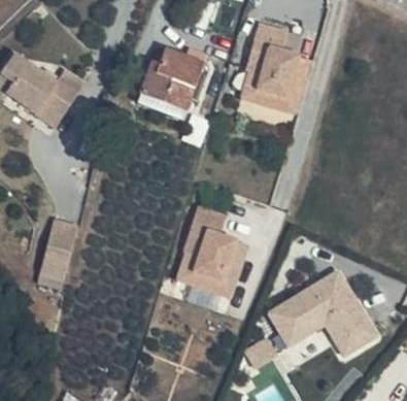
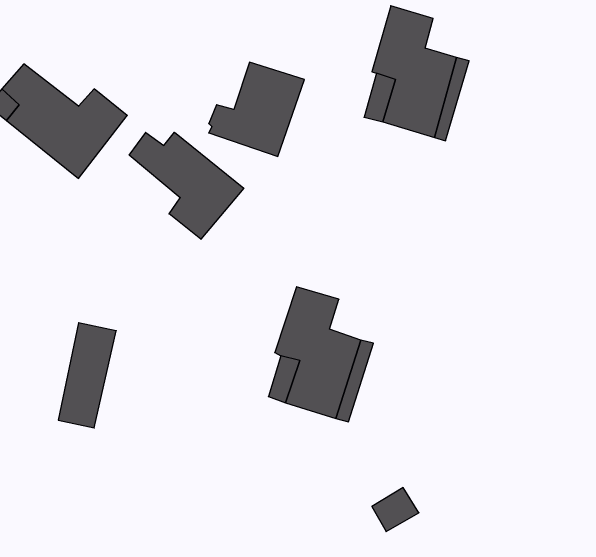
building: none -> [129,132,244,239]
building: [265,268,377,355] -> none

